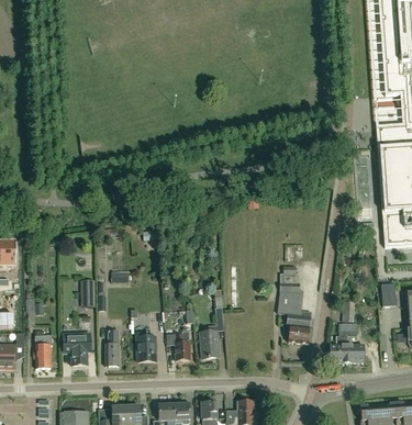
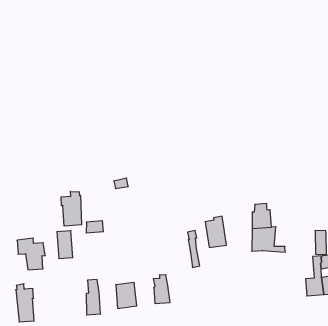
building: none -> [61,191,81,226]
building: [287,314,312,345] -> none
building: [200,328,220,359] -> [205,216,226,247]
building: [64,334,91,366] -> [17,238,45,270]

